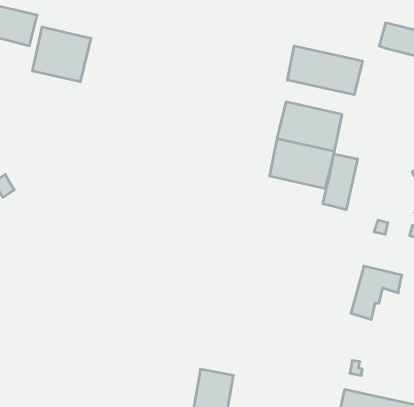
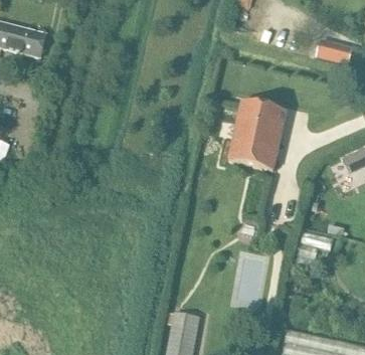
building: [32,27,91,82] -> none
building: [287,46,362,95] -> none
building: [323,154,357,210] -> none

